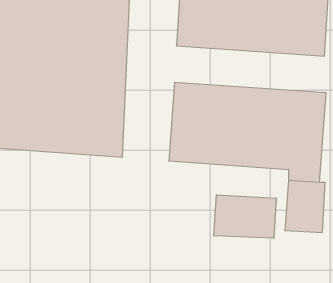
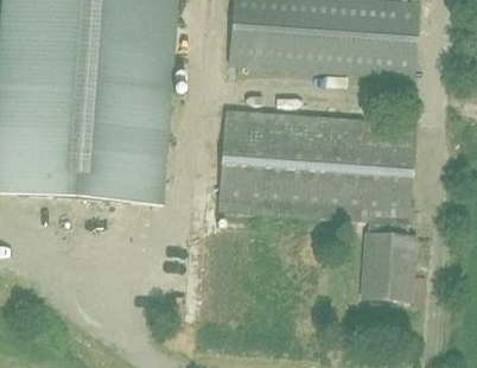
building: [214,195,276,238] -> none

